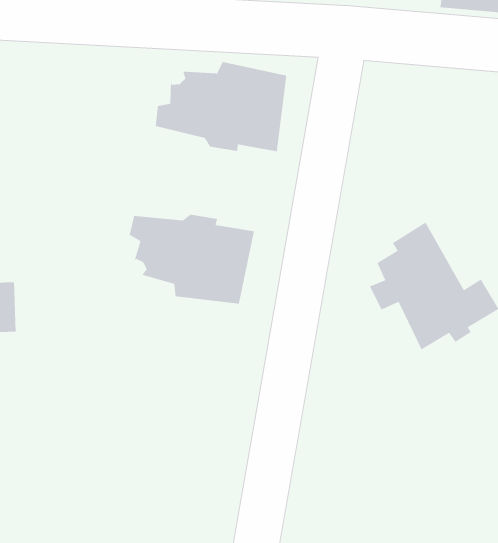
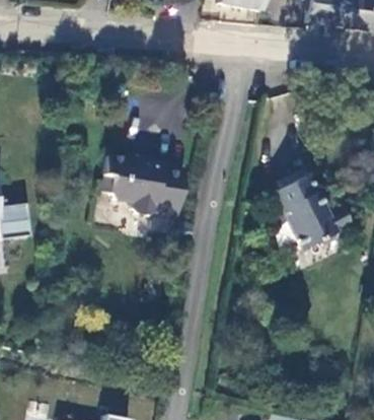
building: [155,61,287,152] -> none

